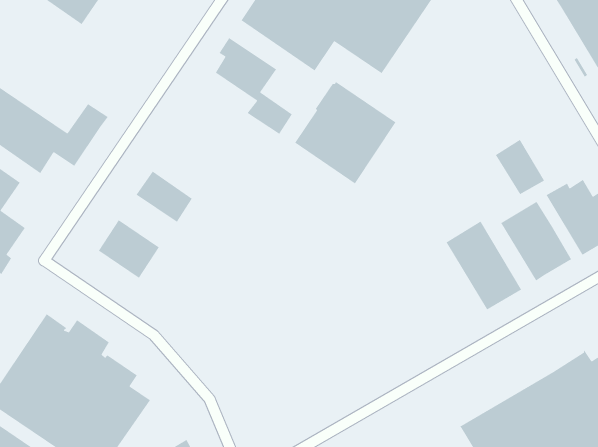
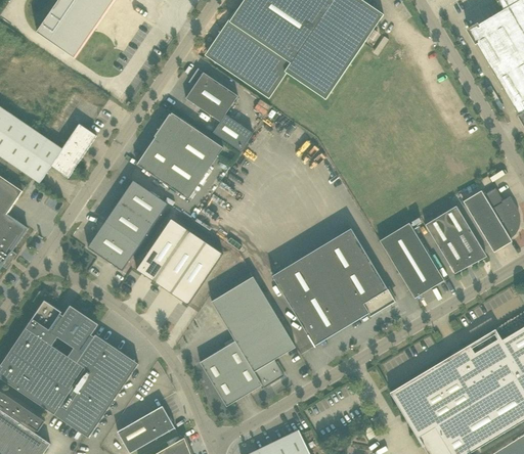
building: [294,81,397,184] -> [136,112,222,199]
building: [495,139,545,195] -> none
building: none -> [104,200,154,244]
building: none -> [135,218,222,305]
building: none -> [271,228,395,347]
building: none -> [200,276,295,406]

